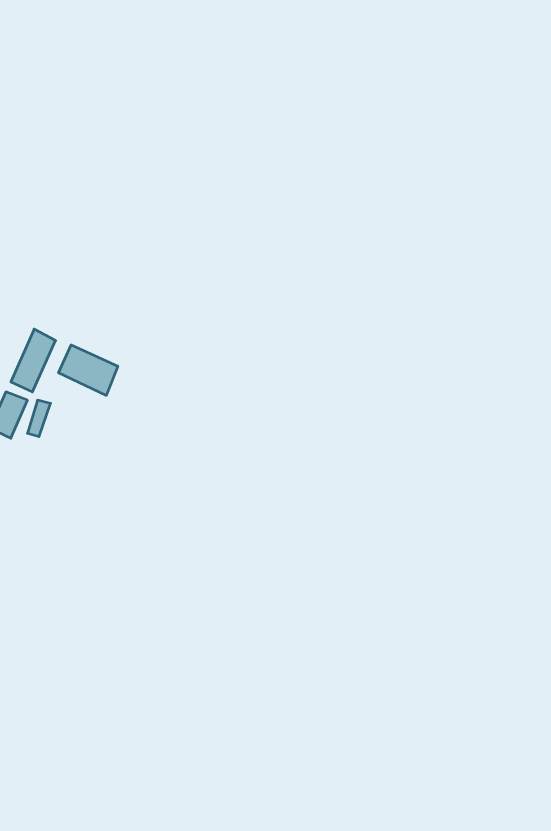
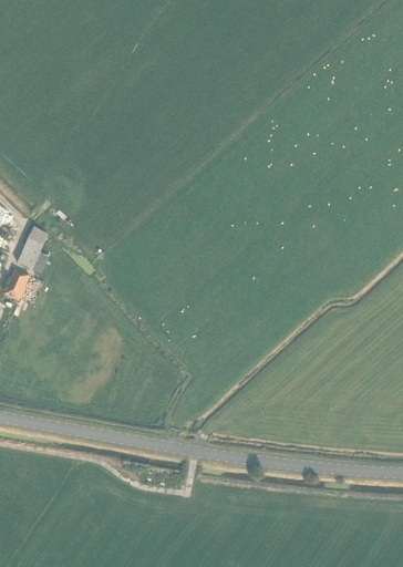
building: [59,345,118,395] -> none

